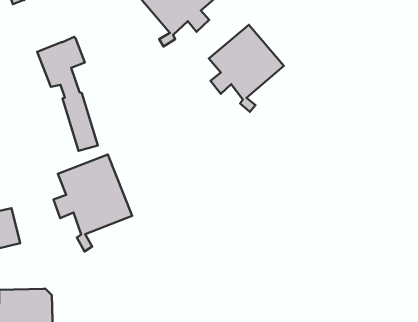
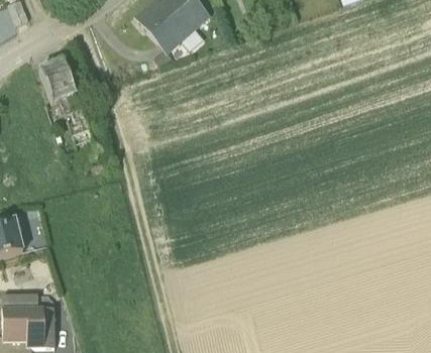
building: [209,25,284,112] -> none
building: [53,155,132,251] -> none

